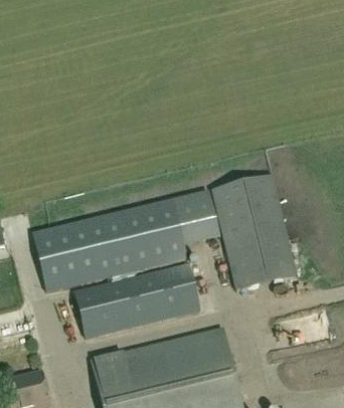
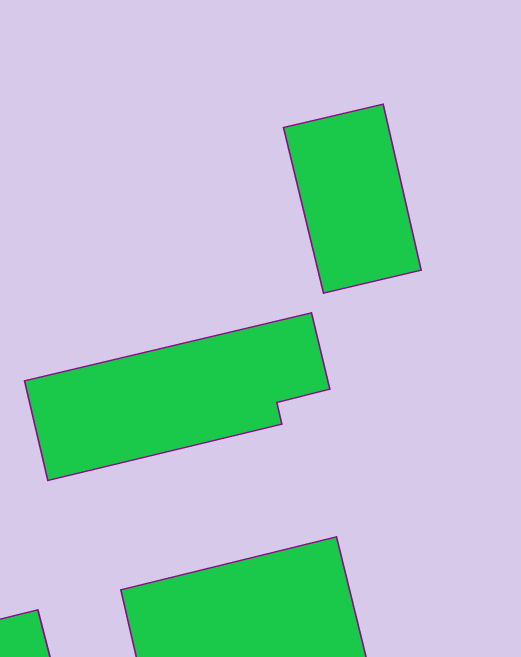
building: [212,175,296,289] -> [284,104,421,293]
building: [74,264,199,336] -> none

